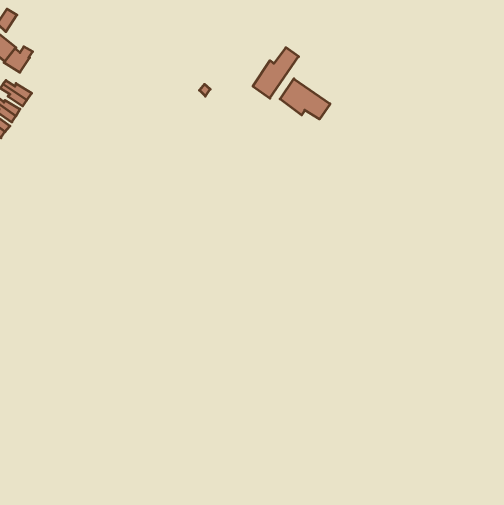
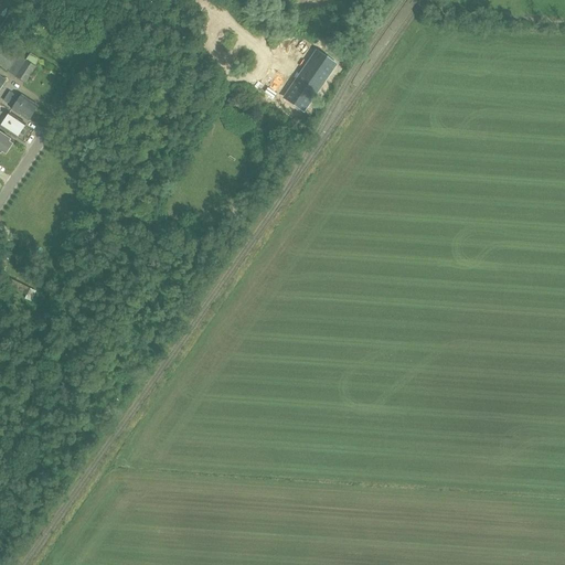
building: [280,79,330,119] -> none

